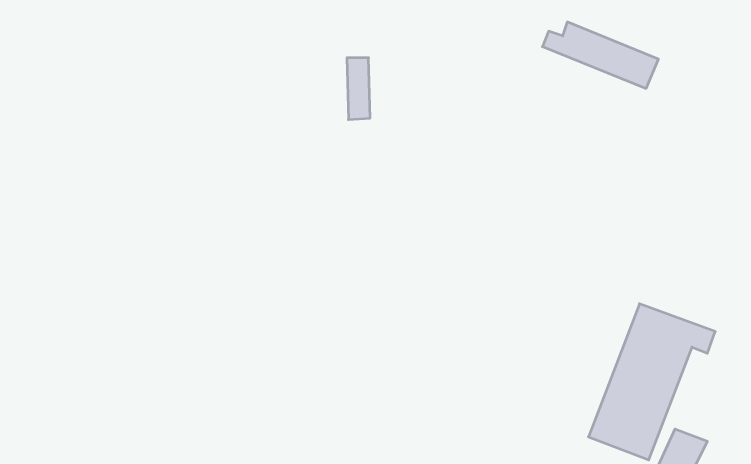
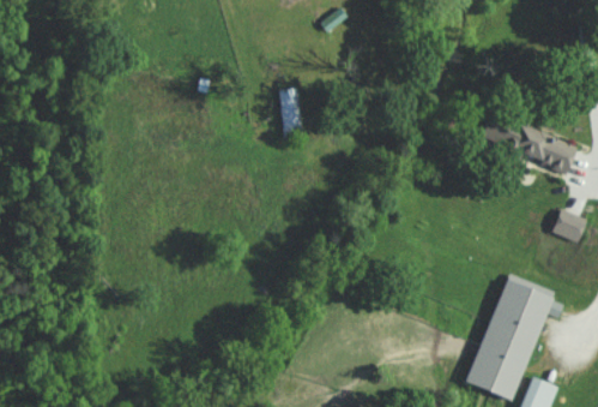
building: [542,22,658,88] -> [488,118,578,169]
building: none -> [552,208,586,240]

